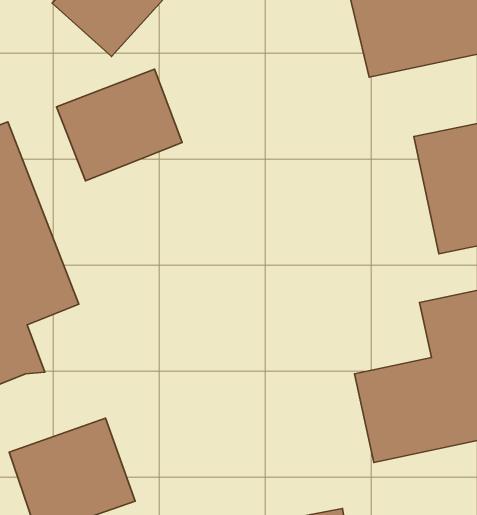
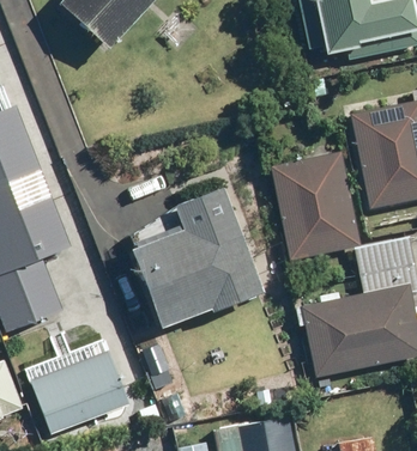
building: [57,69,182,181] -> none
building: none -> [271,150,362,258]
building: none -> [128,209,264,325]

